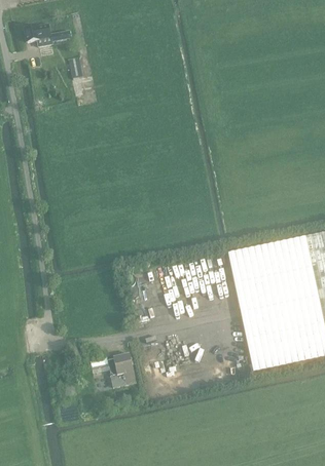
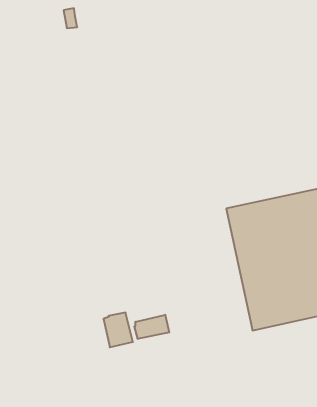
building: none -> [134,315,169,339]

